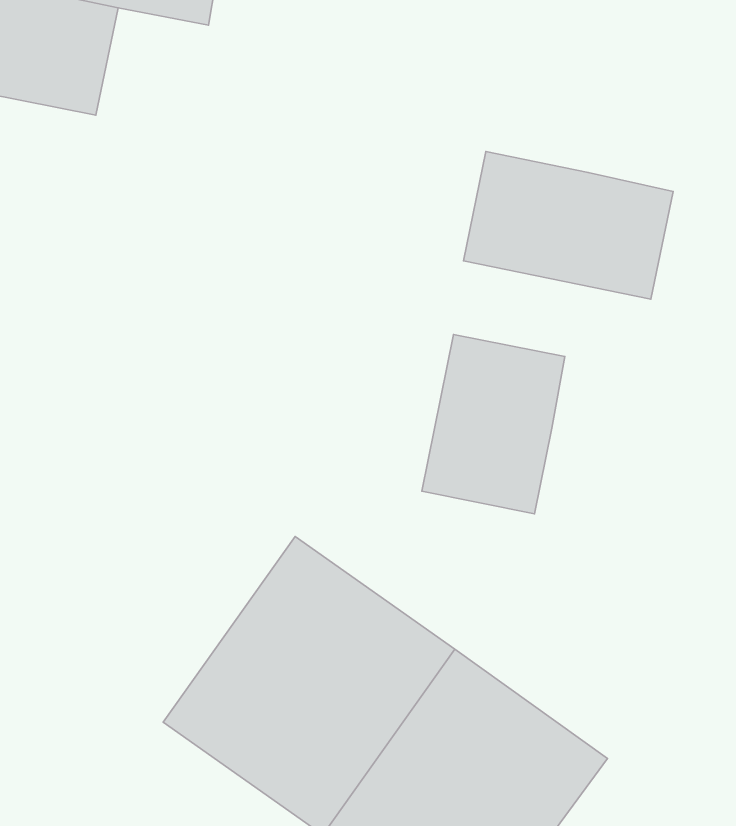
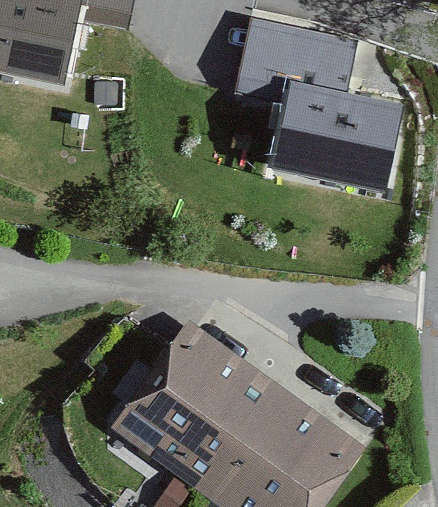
building: none -> [239,21,360,107]
building: [422,335,565,514] -> none

